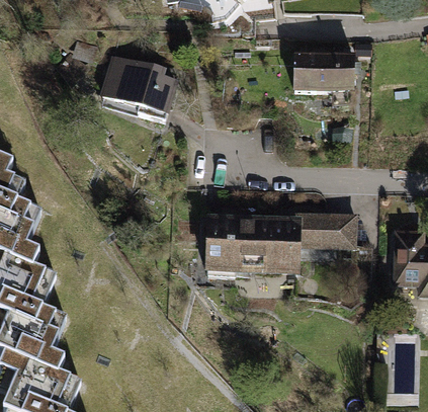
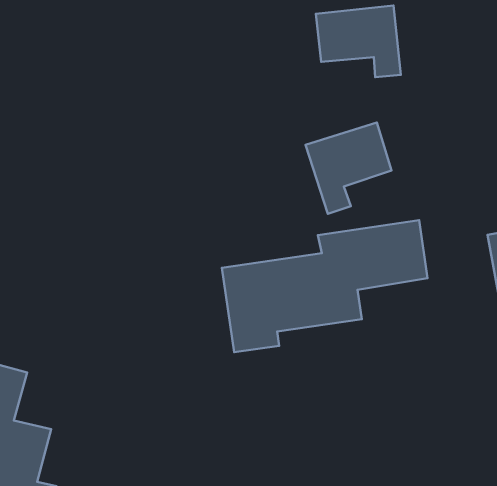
building: [103,57,174,121] -> none
building: none -> [306,122,392,214]

